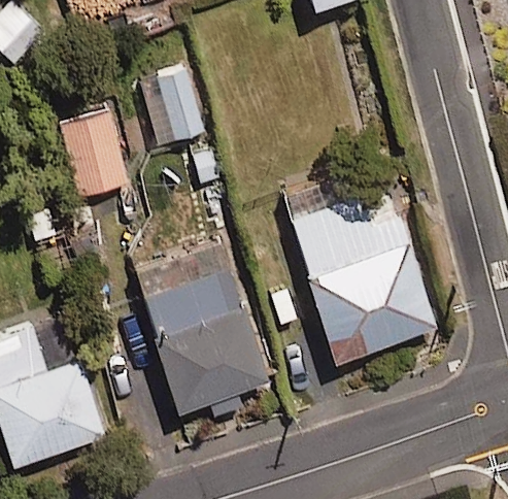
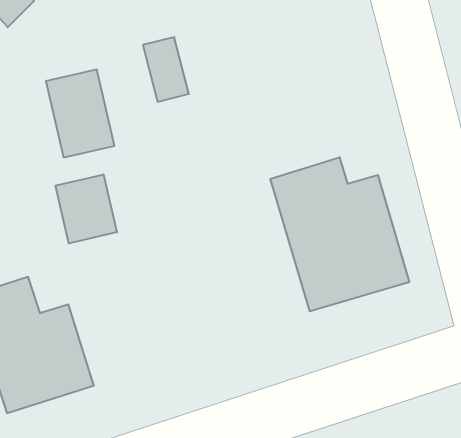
building: none -> [55,174,117,243]
building: [132,248,267,419] -> none

